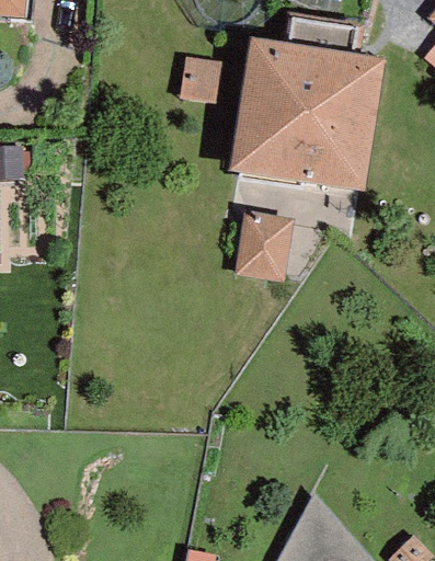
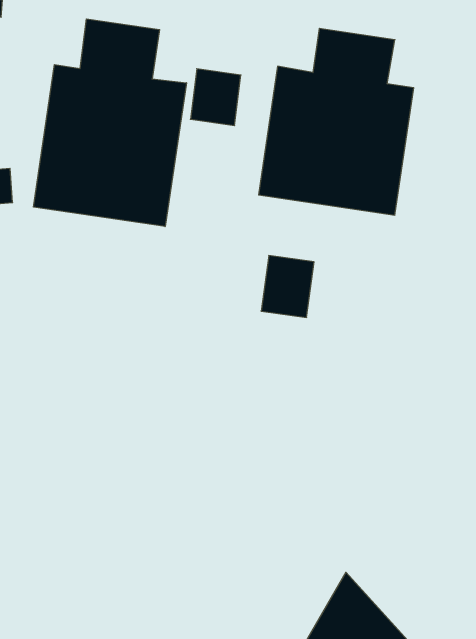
building: none -> [34,19,186,227]

